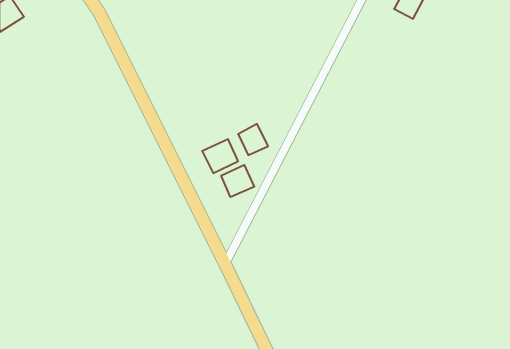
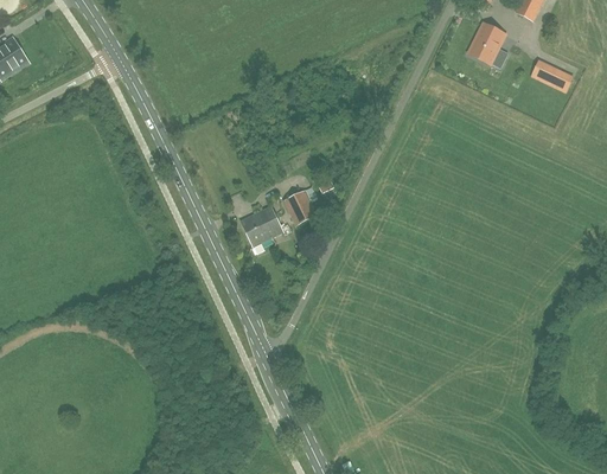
building: none -> [530,58,573,92]
building: [221,165,254,197] -> none

